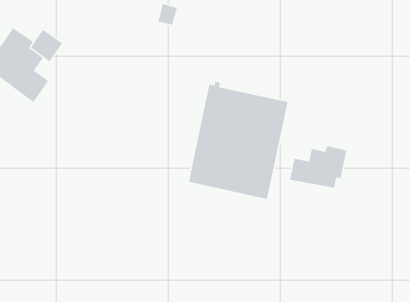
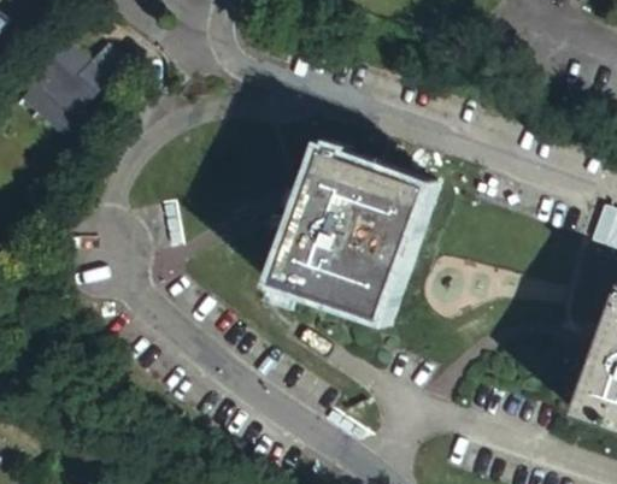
building: [289,145,347,189] -> none

